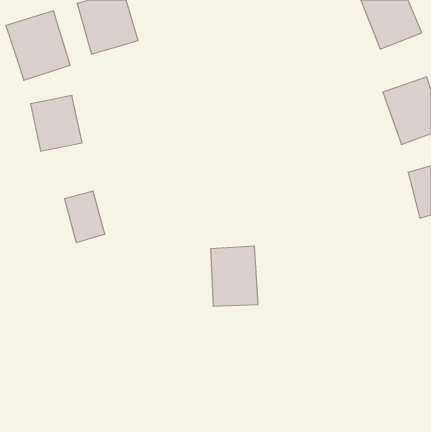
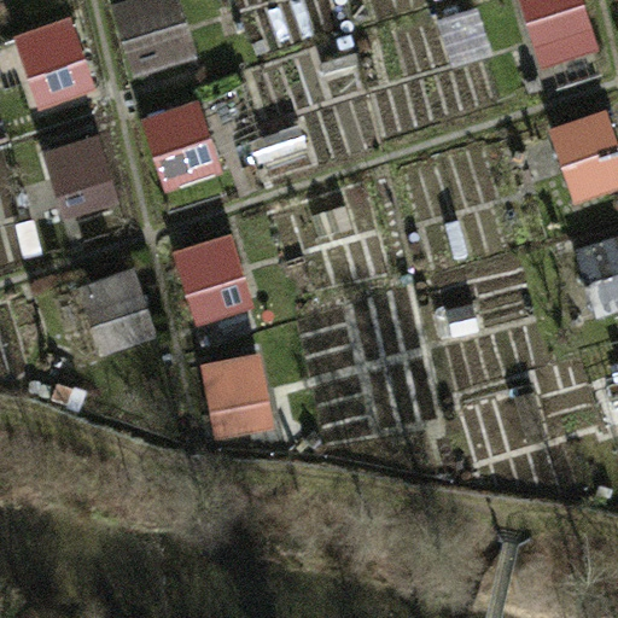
building: none -> [141,100,223,193]
building: none -> [169,231,251,319]
building: [211,246,258,306] -> [205,354,273,439]

